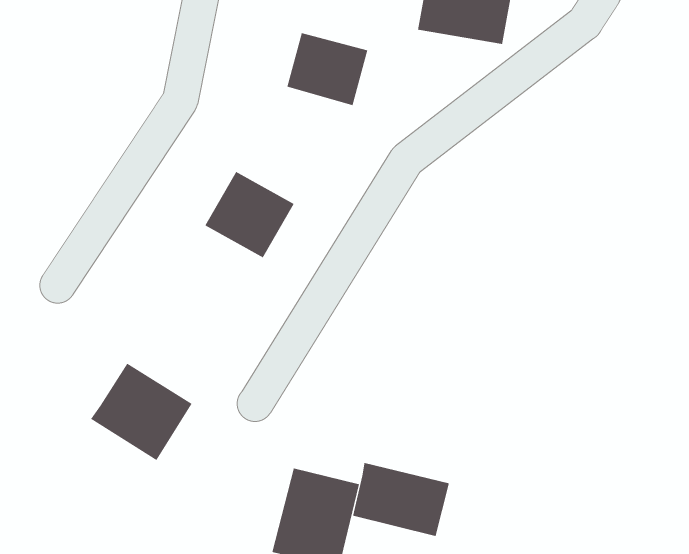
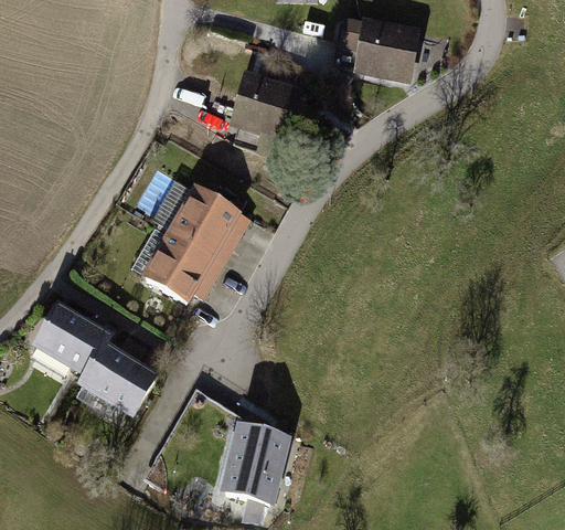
building: none -> [142,229,215,303]
building: none -> [30,298,110,374]
building: [353,462,450,537] -> none

